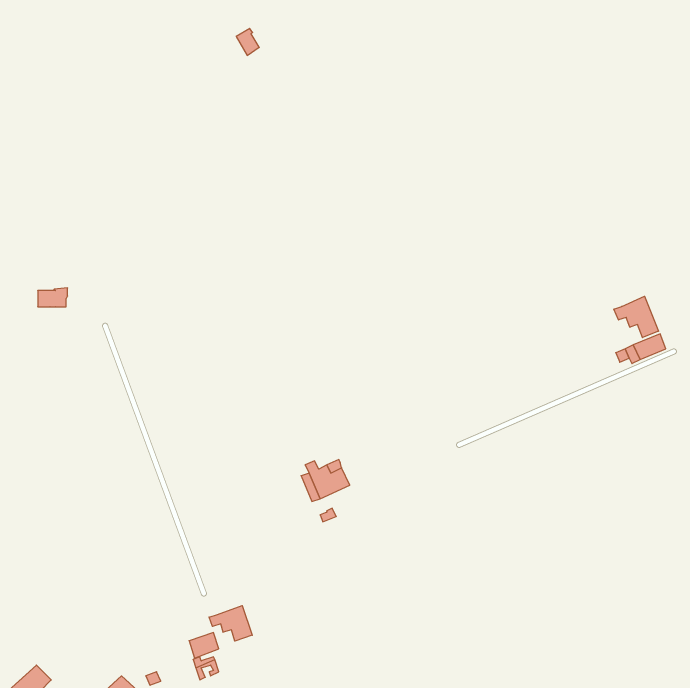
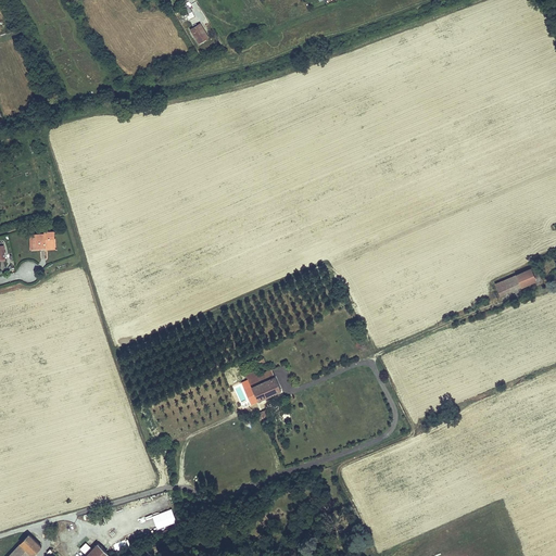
building: [614,296,659,338] -> none
building: [209,606,252,641] -> none

